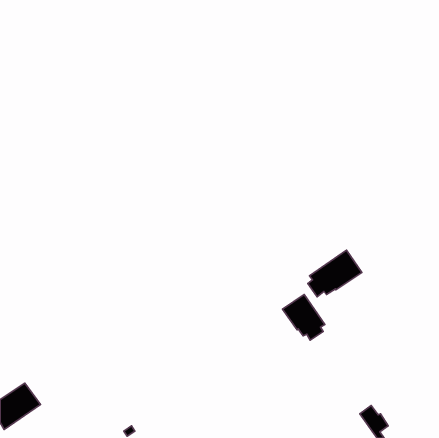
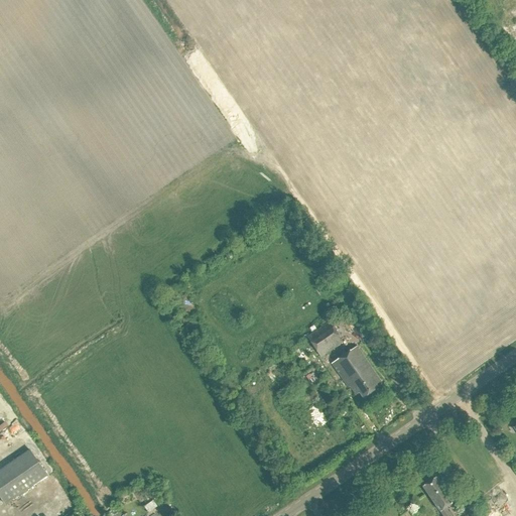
building: [308,250,362,297] -> none
building: none -> [307,321,343,357]

